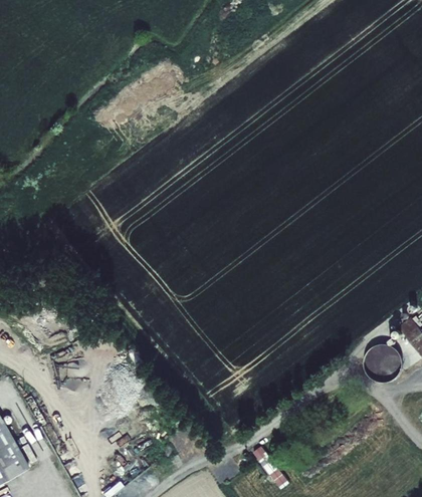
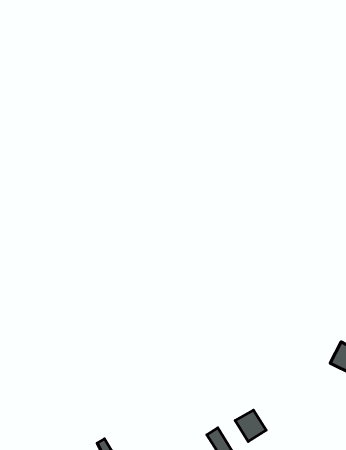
building: none -> [235,410,266,441]

